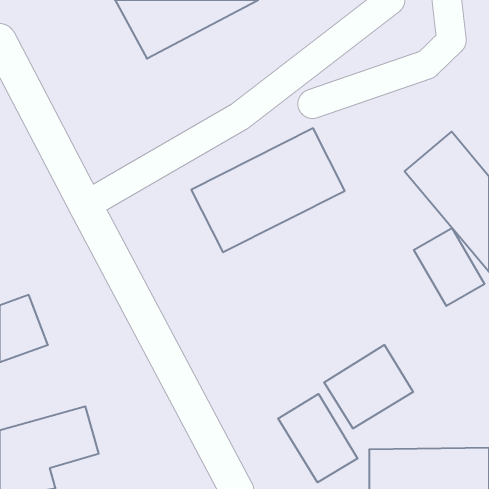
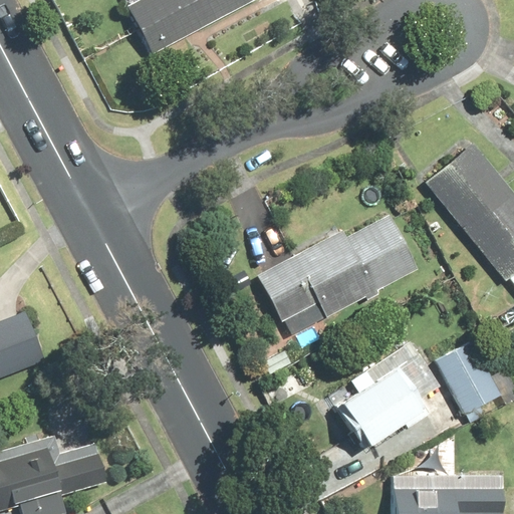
building: [191,128,345,252] -> [259,205,420,334]
building: [414,228,485,306] -> [433,338,507,420]
building: [278,394,358,482] -> none

